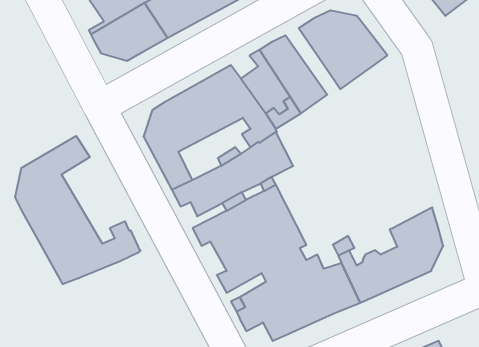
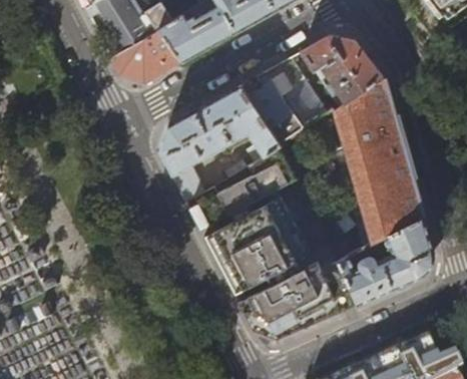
building: none -> [336,76,423,243]
building: [15,136,141,284] -> none

